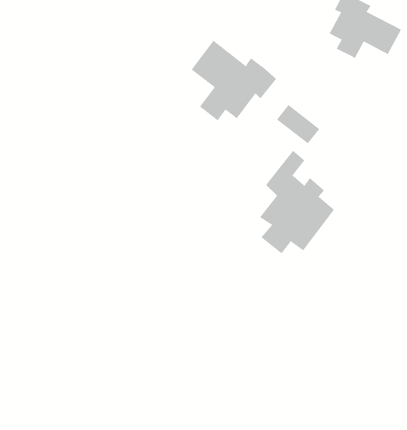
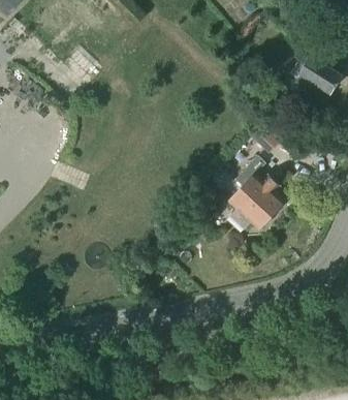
building: [191,40,277,121] -> none

